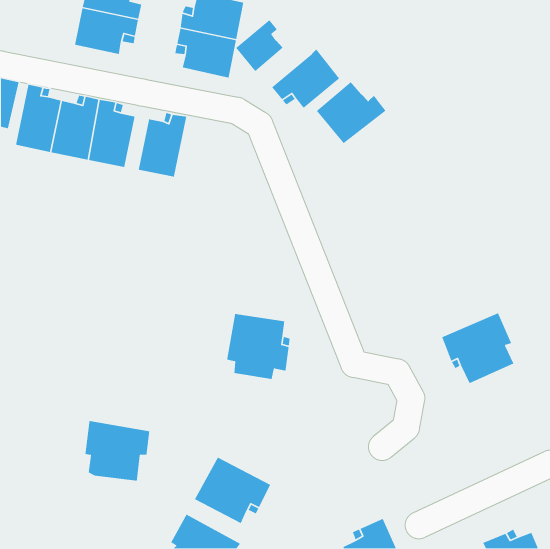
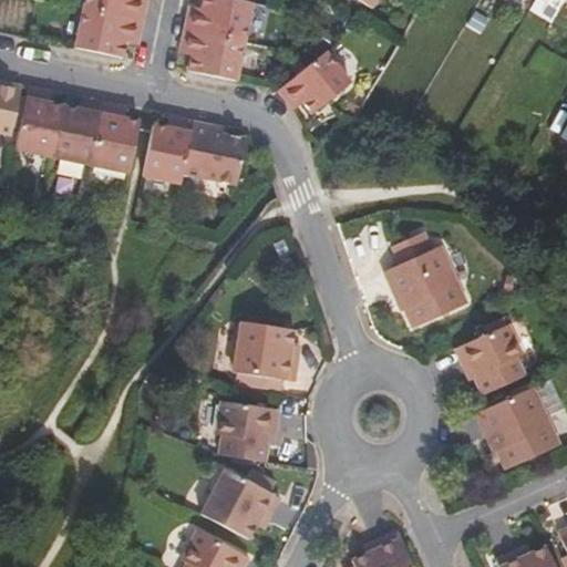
building: [235,19,283,72] -> none
building: [316,81,386,144] -> none
building: none -> [182,120,246,183]
building: none -> [384,245,466,326]
building: none -> [476,388,558,470]
building: [85,420,150,481] -> [210,399,278,462]

